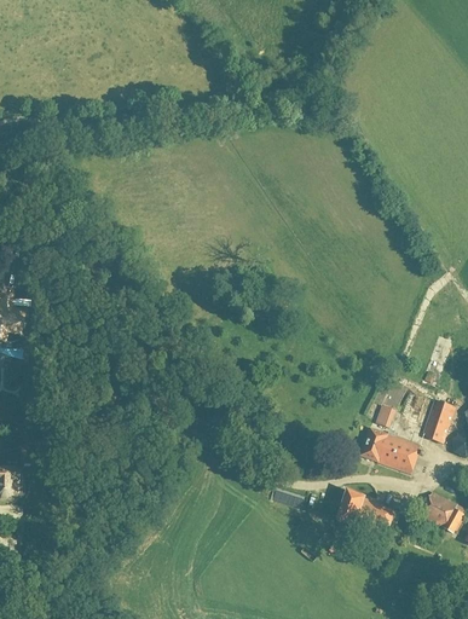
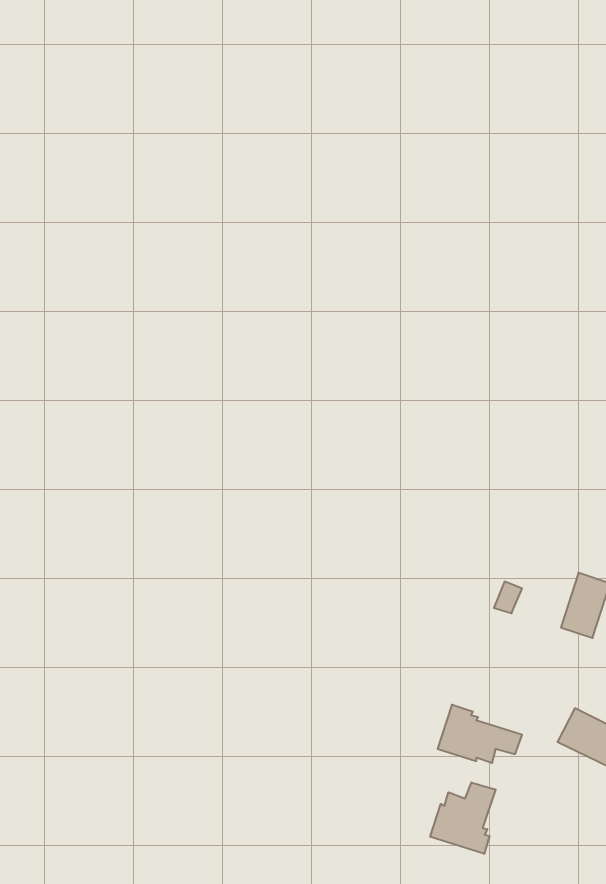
building: [359,428,420,474] -> none
building: none -> [430,782,496,854]

